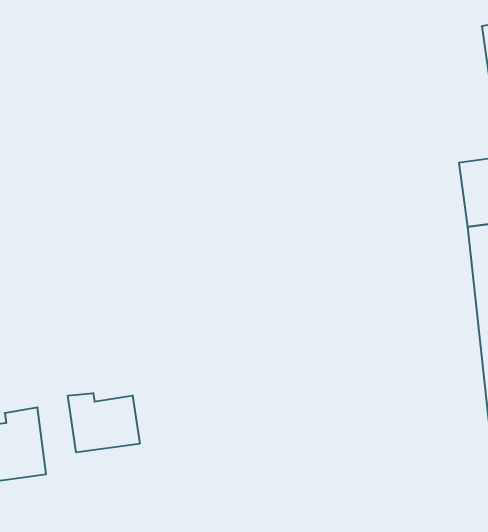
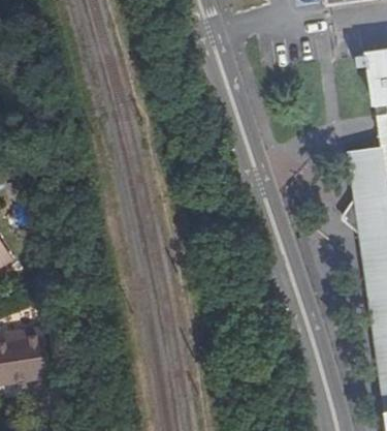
building: [68,393,140,452] -> none

